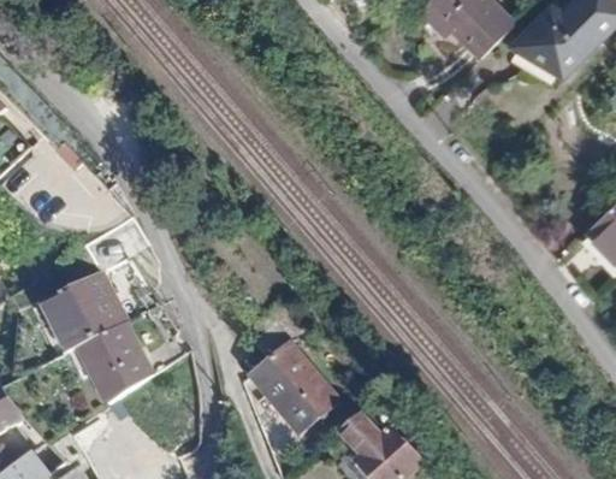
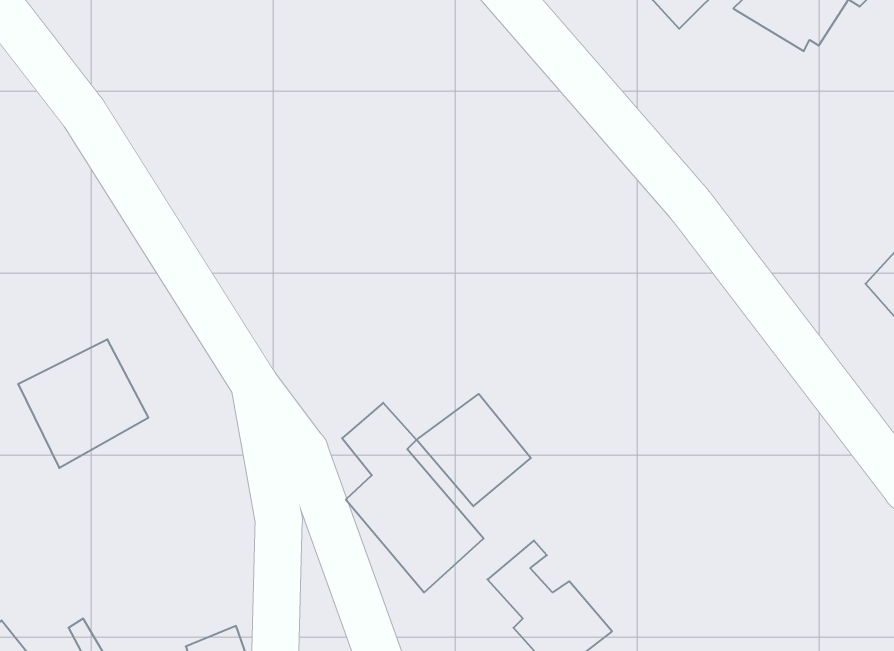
building: none -> [417,394,531,506]
building: [67,320,152,412] -> none

